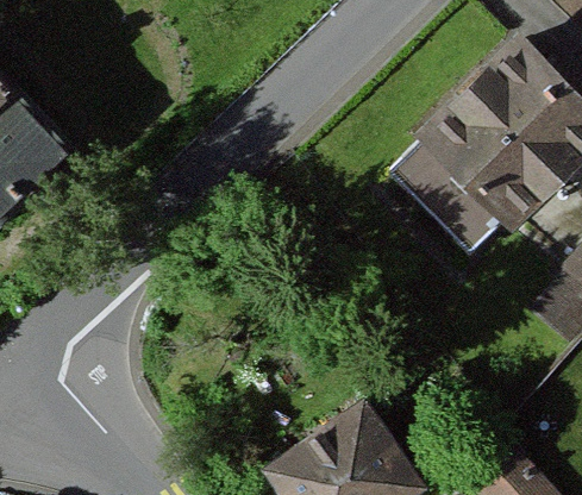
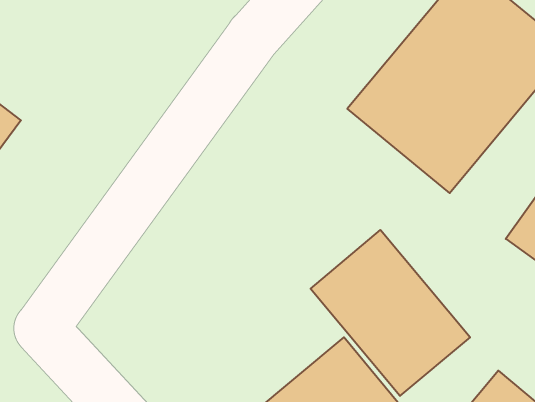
building: none -> [311,230,470,396]

